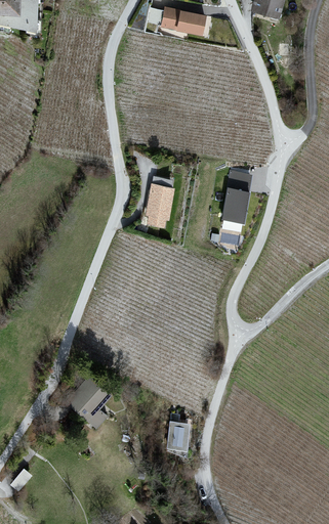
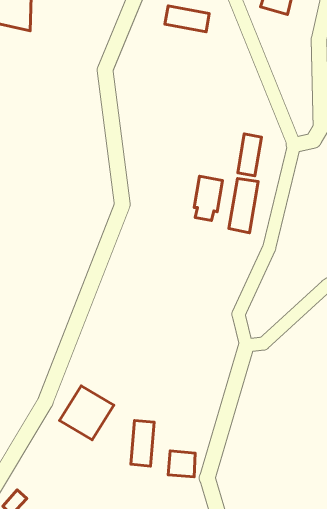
building: none -> [238,134,262,176]
building: [146,185,172,227] -> [194,176,222,221]
building: none -> [131,421,154,466]

